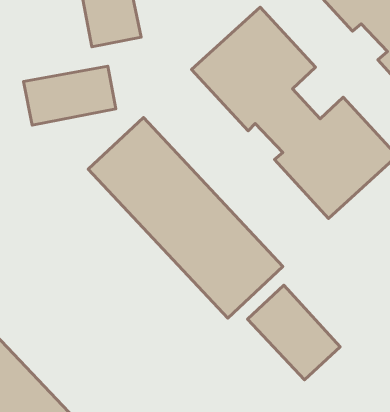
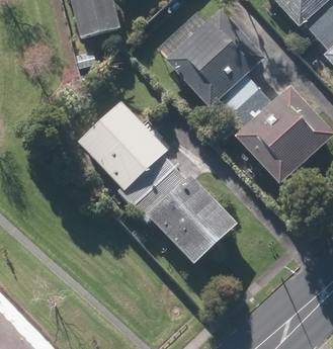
building: [24,66,116,125] -> none
building: [247,285,340,380] -> none

